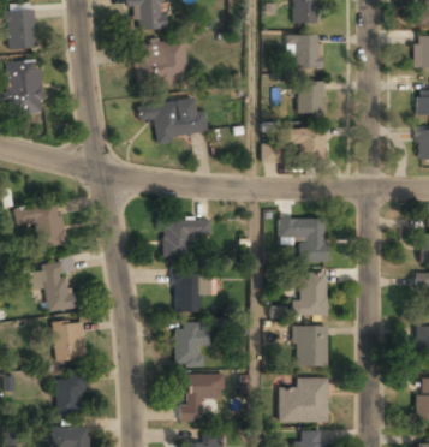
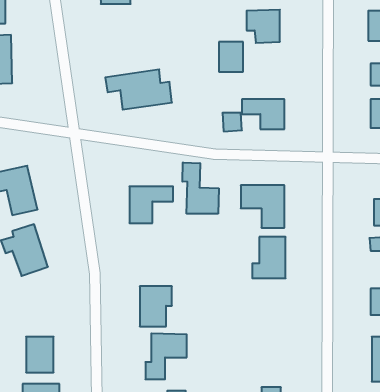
building: [137,40,187,87] -> none
building: [298,83,323,114] -> [219,42,243,72]
building: none -> [182,162,219,214]
building: [174,273,214,312] -> none
building: [55,322,87,360] -> none
building: [294,327,328,366] -> none
building: [280,377,328,421] -> none

